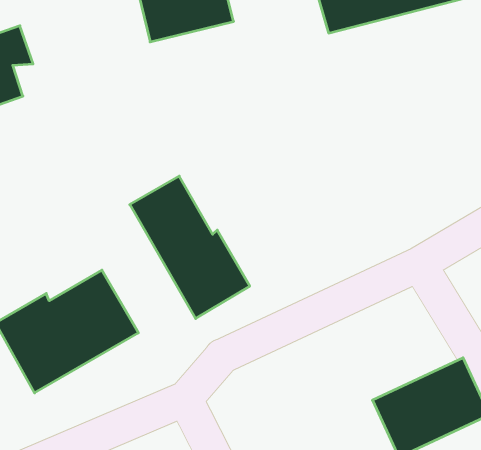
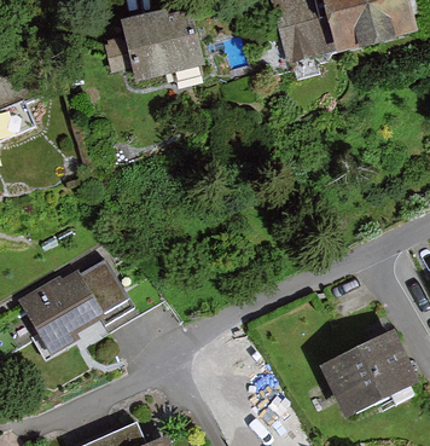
building: [130,176,250,319] -> none

